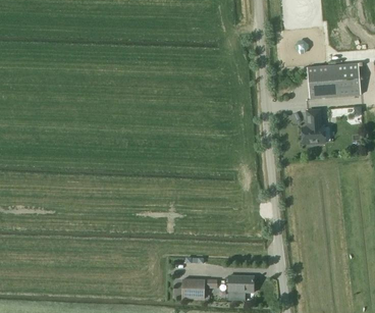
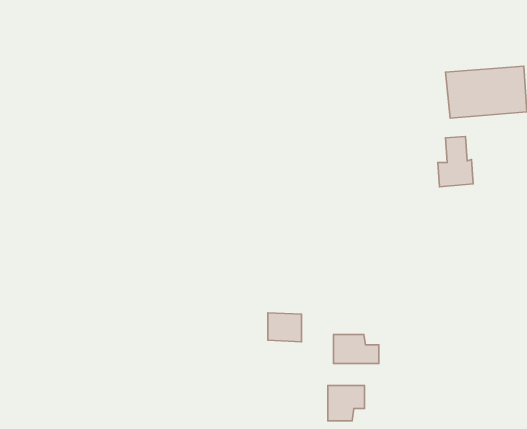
building: none -> [334,335,379,364]
building: [182,279,205,299] -> [268,313,301,342]

